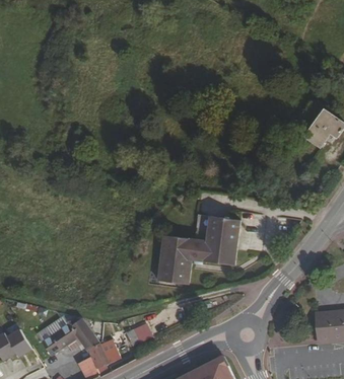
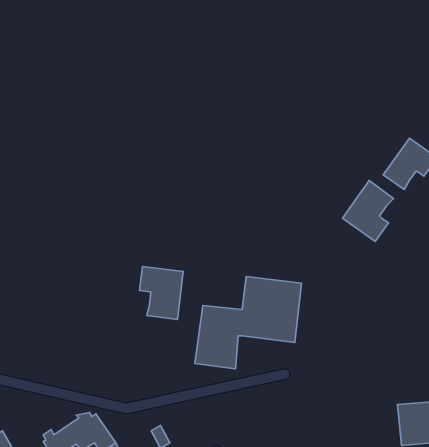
building: none -> [342,181,393,242]
building: none -> [140,266,183,320]

